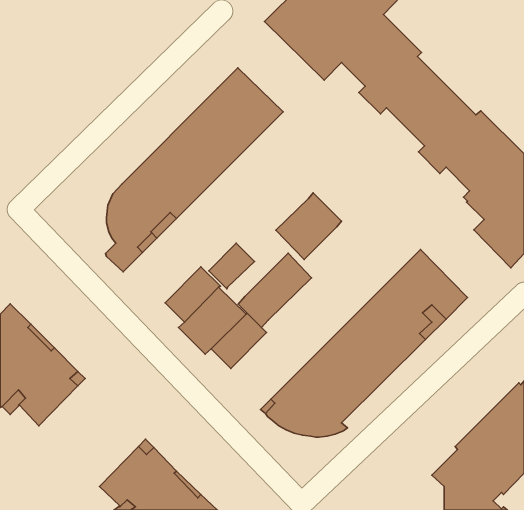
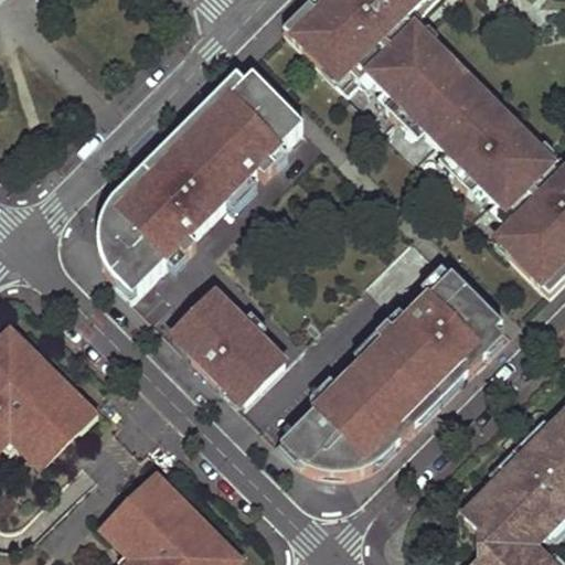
building: none -> [99,84,234,273]
building: [276,193,342,259] -> none
building: [209,243,254,289] -> none
building: [238,253,311,328] -> none

